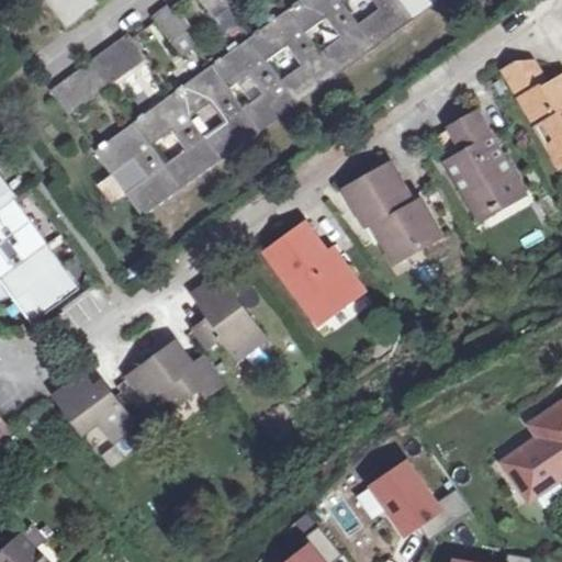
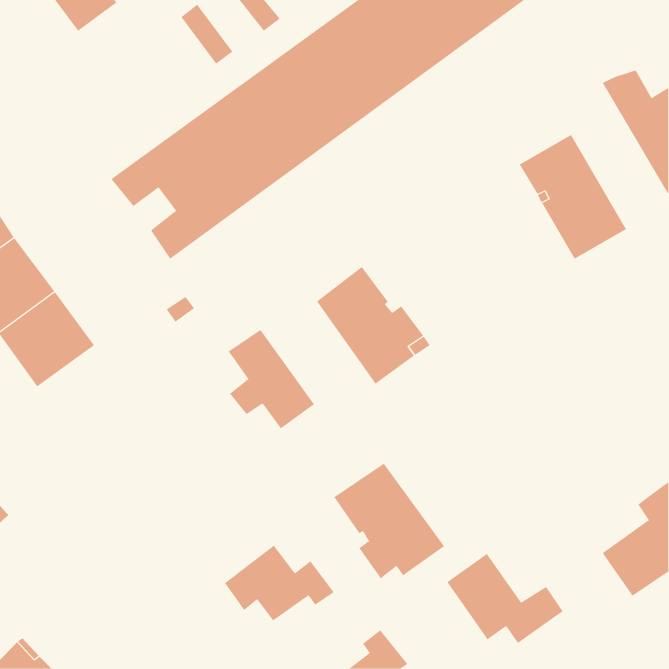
building: [48,31,144,113] -> none
building: [344,164,436,257] -> none
building: [128,344,221,407] -> [224,545,335,621]
building: [53,373,132,439] -> none
building: none -> [333,463,445,579]

